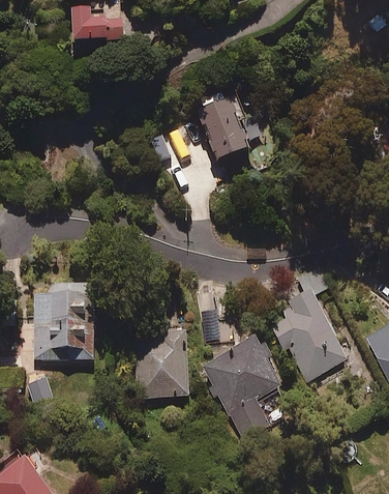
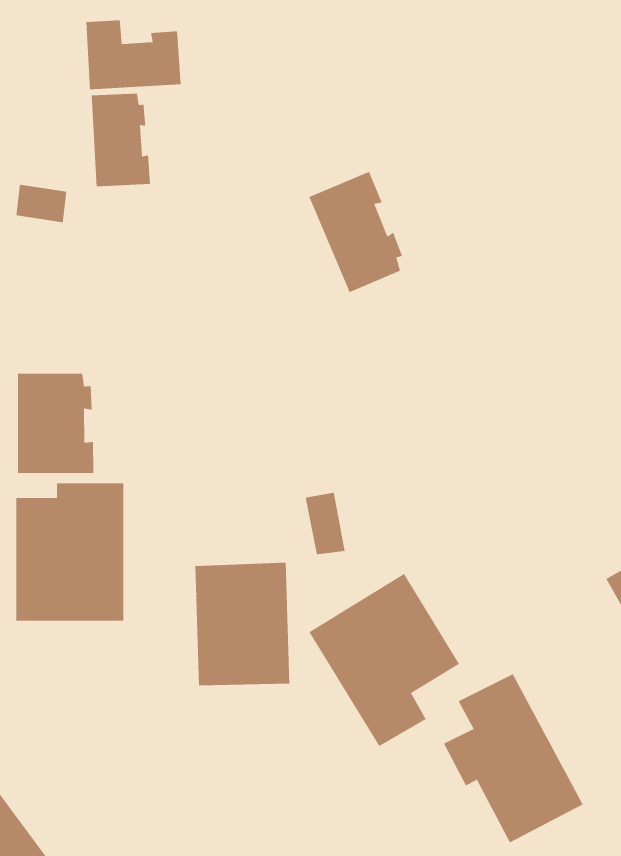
building: none -> [91,93,150,187]
building: none -> [17,373,94,474]
building: [270,285,349,380] -> [443,673,583,843]

